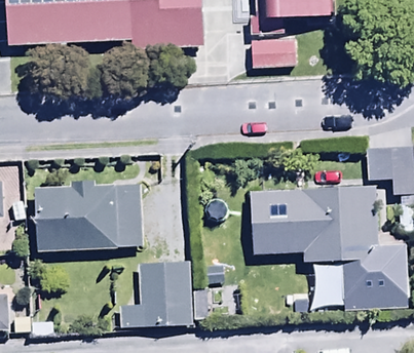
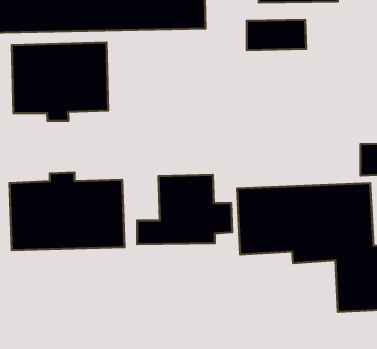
building: none -> [12,43,108,121]
building: [116,261,206,326] -> [137,175,232,244]

